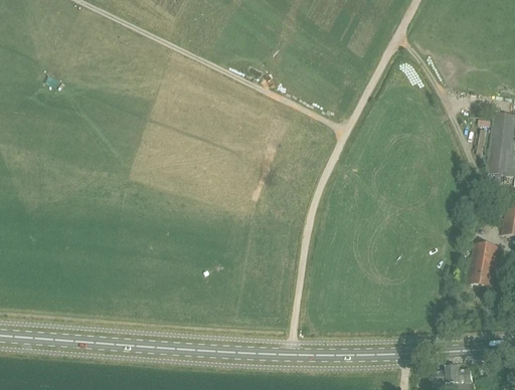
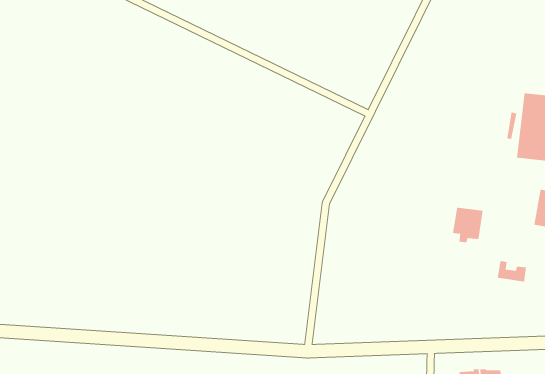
building: [471,243,500,276] -> [452,207,483,243]

